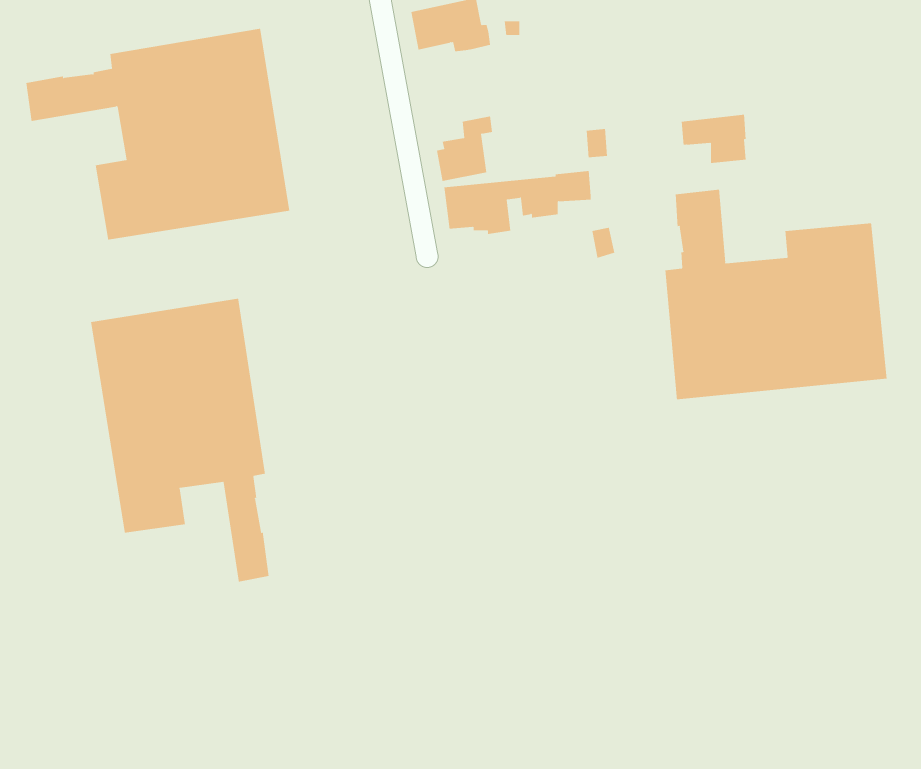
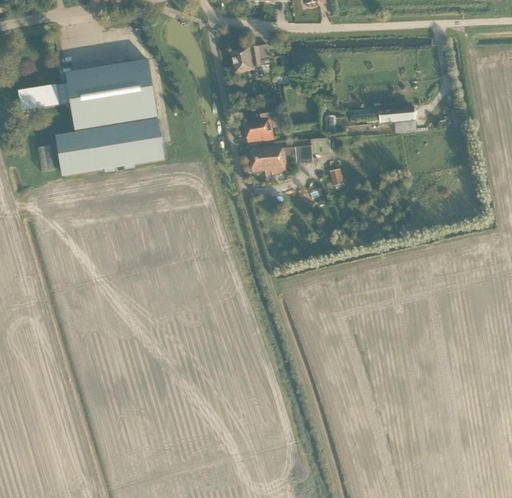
building: [665,189,887,400] -> none
building: [91,298,269,582] -> none

